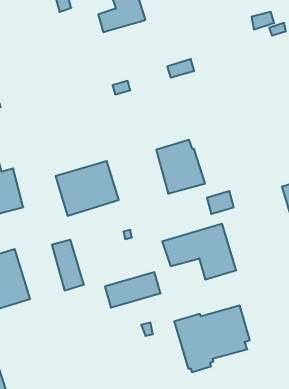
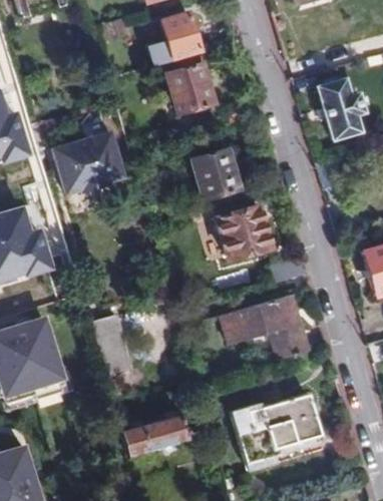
building: none -> [161,53,215,114]
building: none -> [318,75,366,137]
building: none -> [189,149,239,200]
building: [56,161,119,216] -> [53,130,128,195]
building: [105,272,161,308] -> [127,415,194,457]

